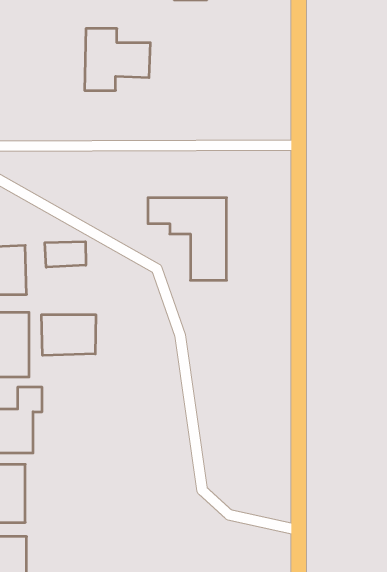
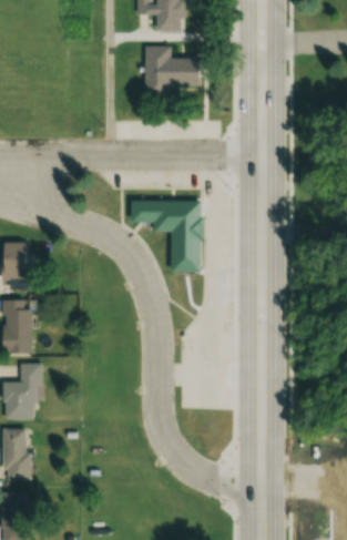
building: [85,29,150,90] -> [144,45,201,99]
building: [45,242,86,267] -> none
building: [42,315,96,355] -> none

